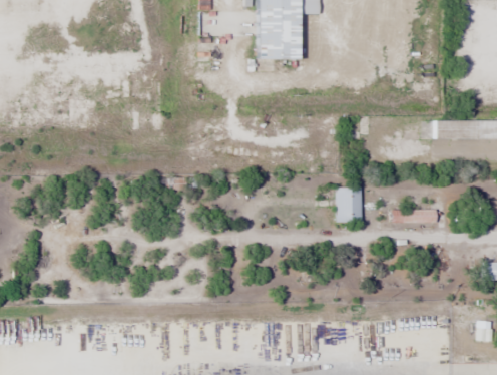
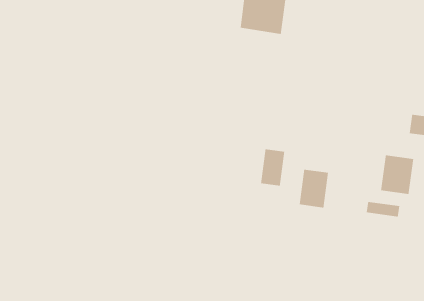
building: none -> [381,155,414,195]
building: none -> [260,148,285,187]

